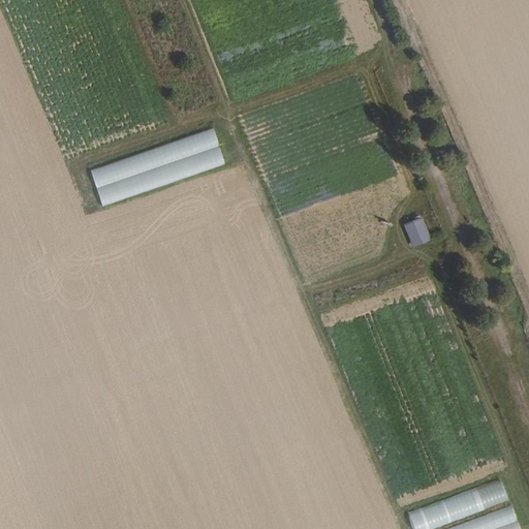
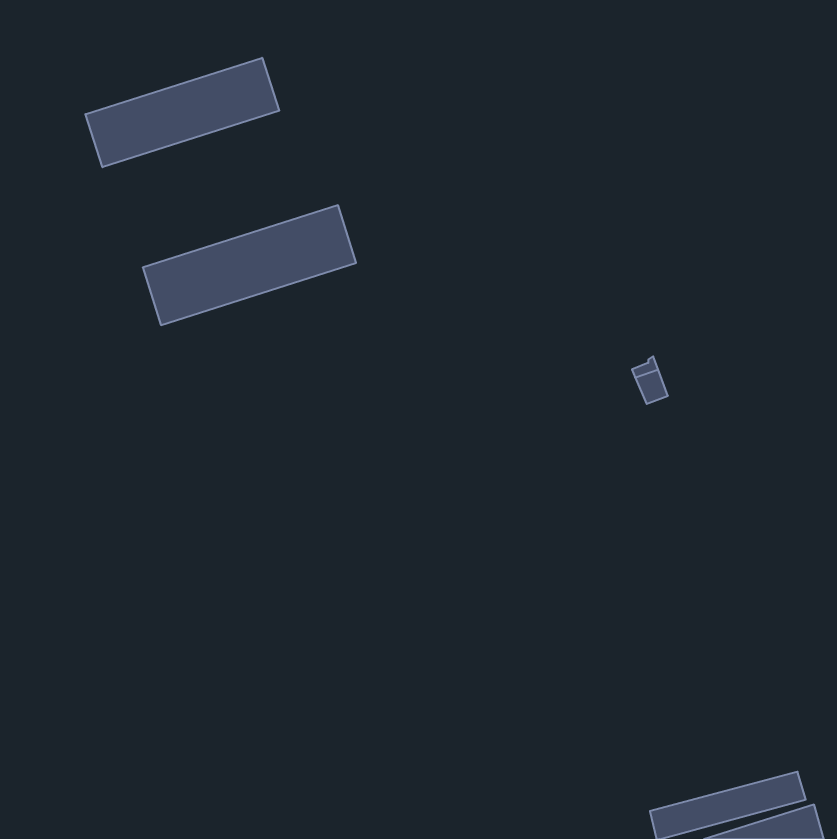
building: none -> [85,58,279,167]

